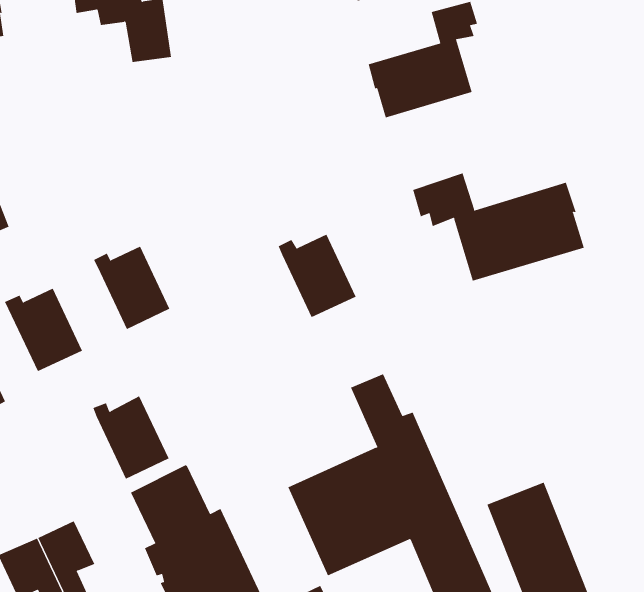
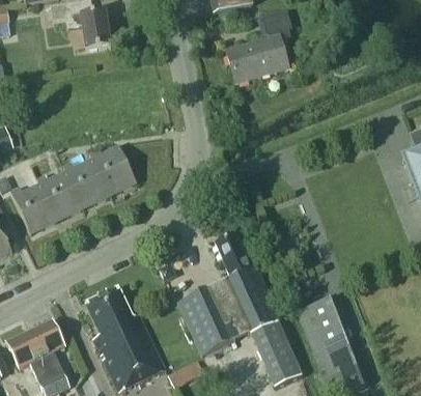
building: [412,173,584,282] -> none
building: [278,234,357,318] -> [89,145,136,195]
building: [92,395,169,479] -> [37,170,83,220]

